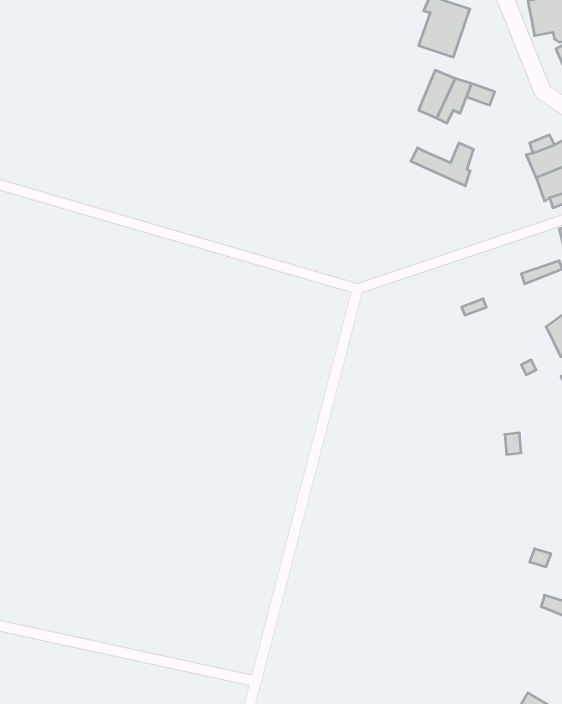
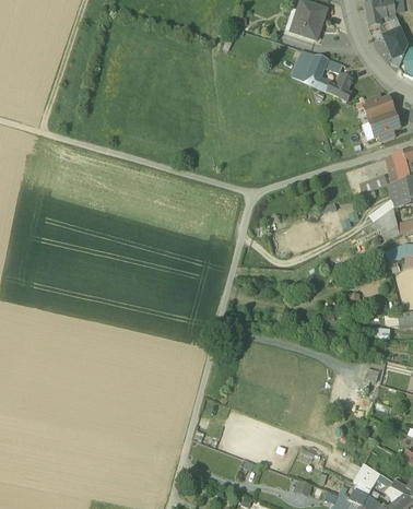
building: [411,143,474,186] -> [311,74,353,103]

